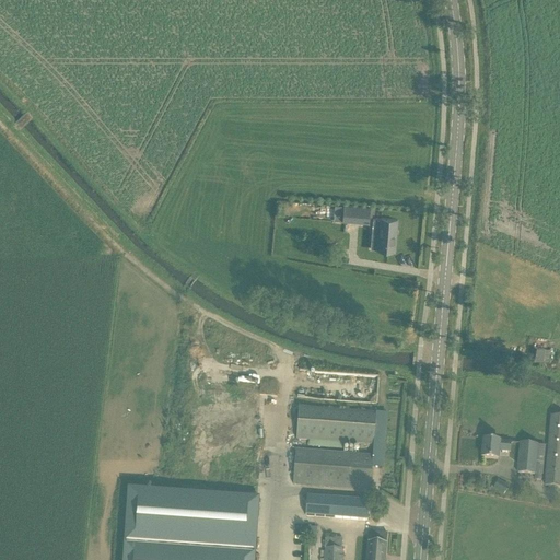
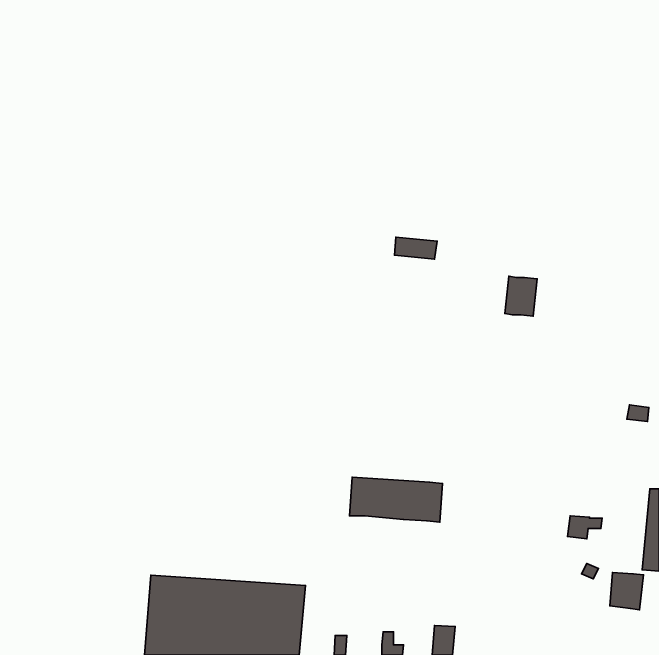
building: [371,213,398,247] -> [505,276,537,316]
building: [517,442,546,474] -> [610,572,643,610]
building: [293,447,372,488] -> none
building: [301,494,365,516] -> none

